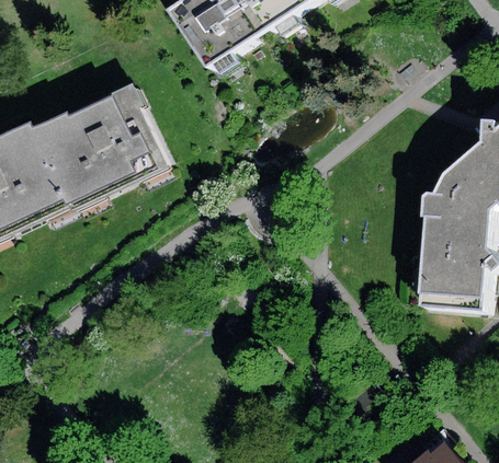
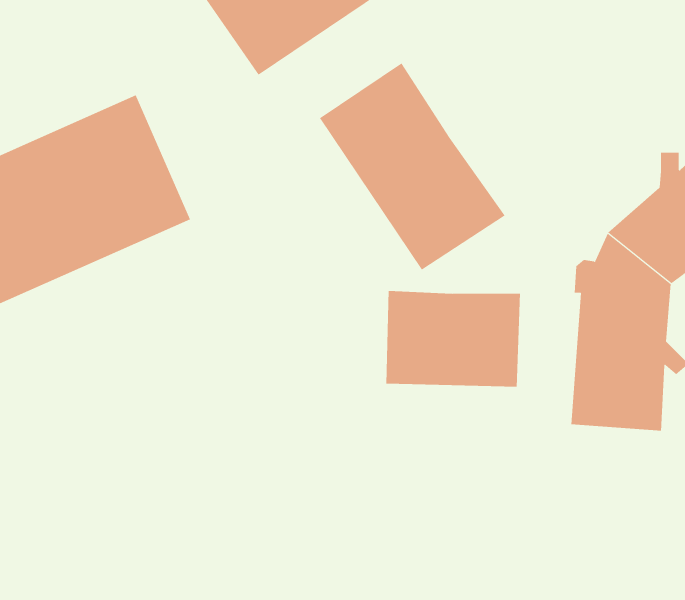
building: none -> [319,63,505,270]
building: none -> [386,290,521,388]

